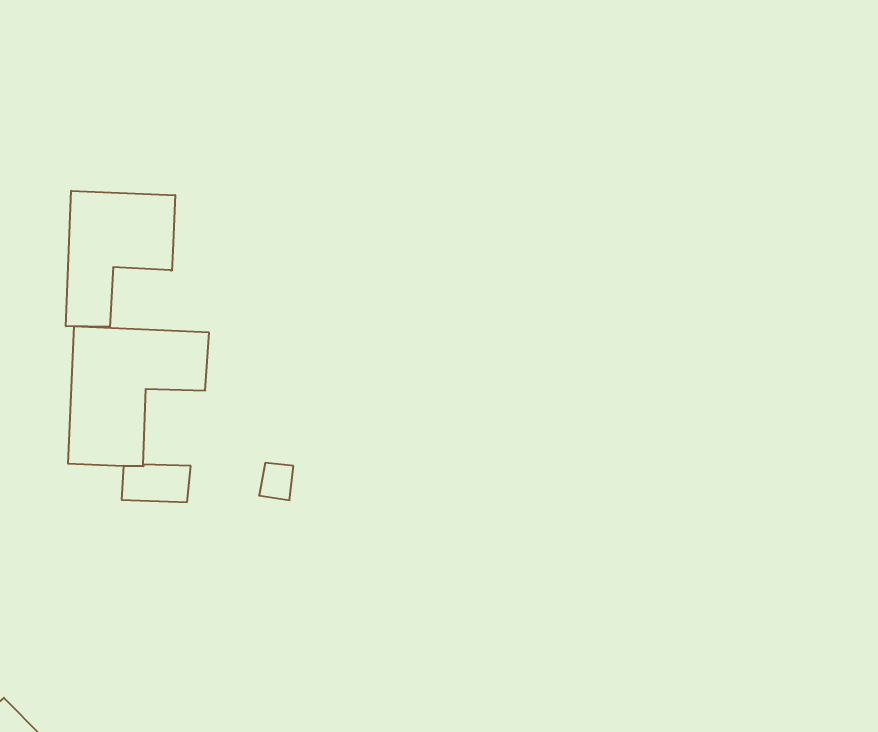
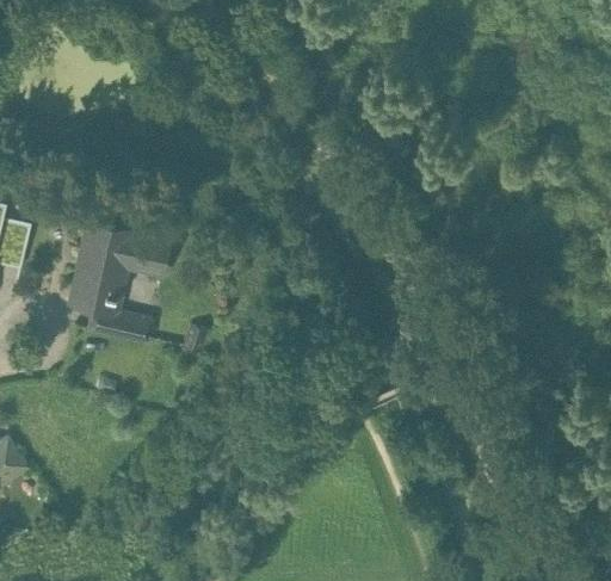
building: [66,191,175,327] -> none

